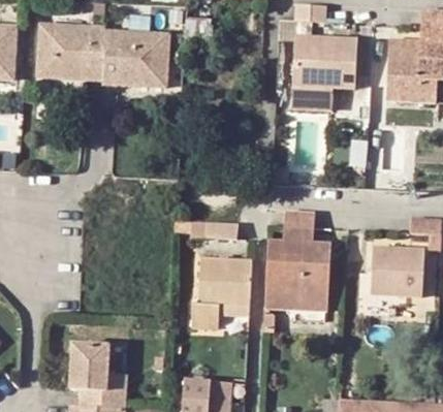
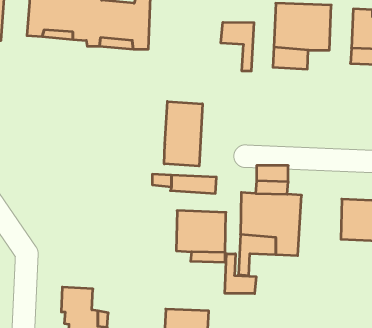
building: none -> [221,22,254,71]
building: none -> [164,101,202,166]
building: none -> [225,254,256,294]

